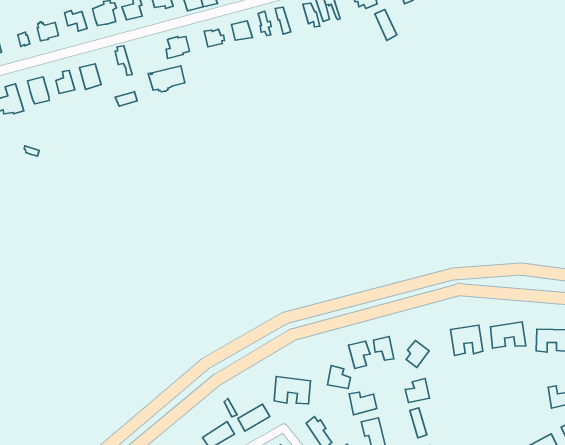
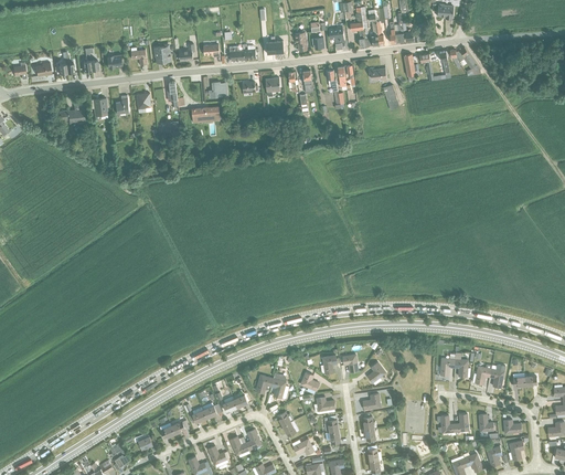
building: [450,325,483,355] -> none
building: none -> [438,411,468,432]

